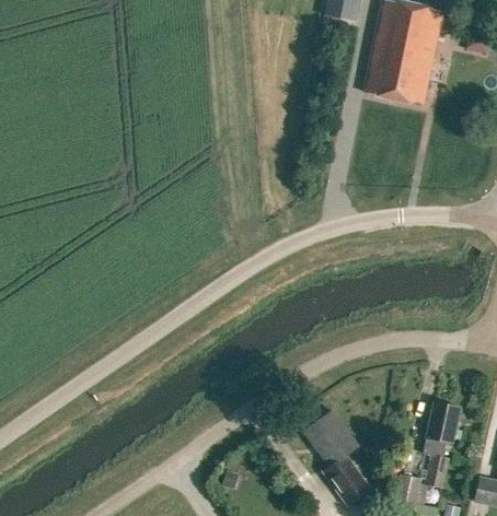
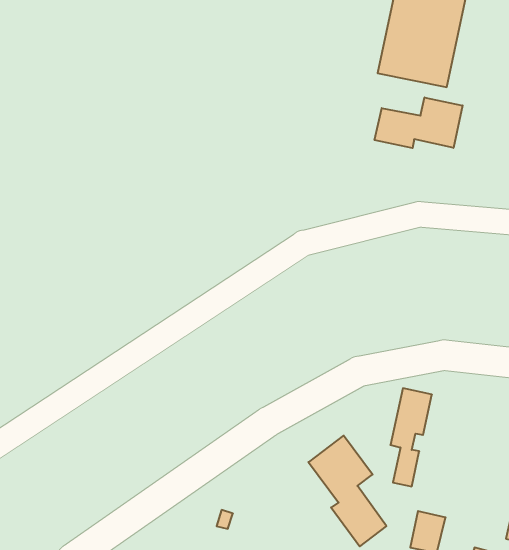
building: none -> [375,97,463,148]
building: [424,400,460,485] -> [390,388,432,486]

